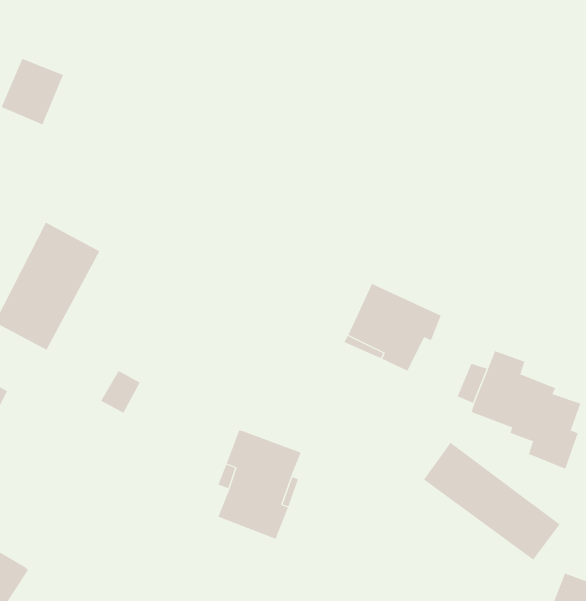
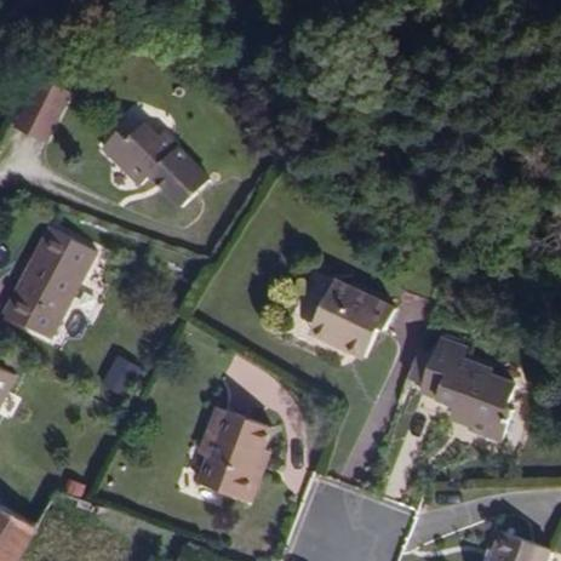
building: none -> [102,120,208,205]
building: [423,442,560,560] -> none

